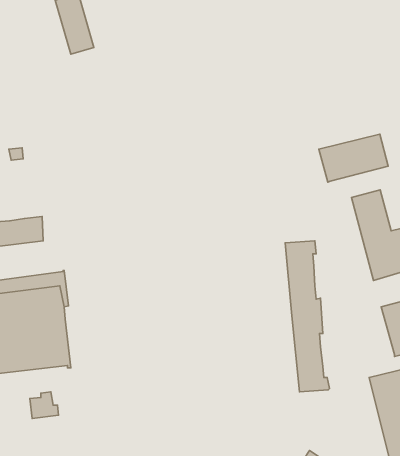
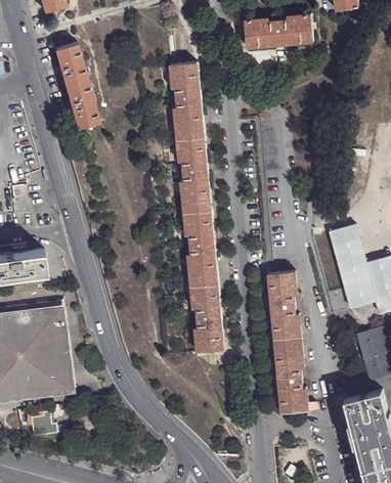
building: none -> [169,63,222,352]
building: none -> [69,94,98,128]
building: [319,134,388,182] -> none

